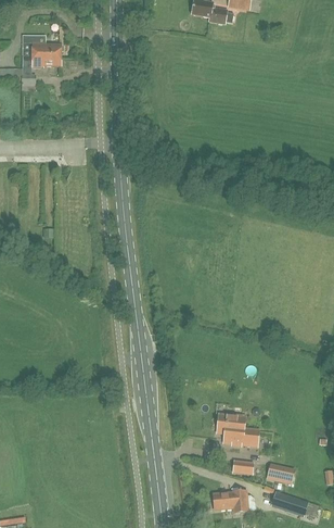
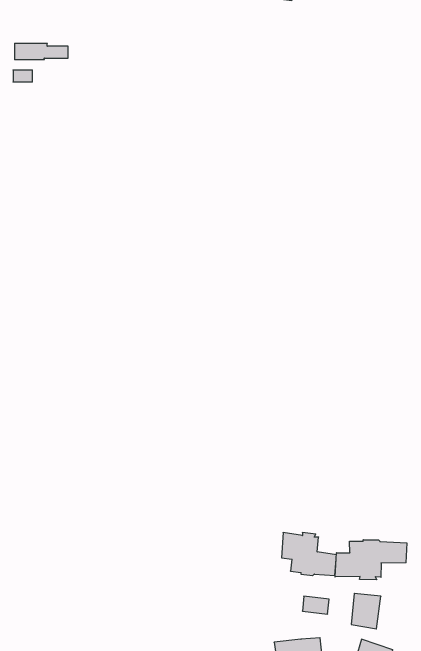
building: [23,41,64,56] -> none
building: none -> [335,540,407,580]

